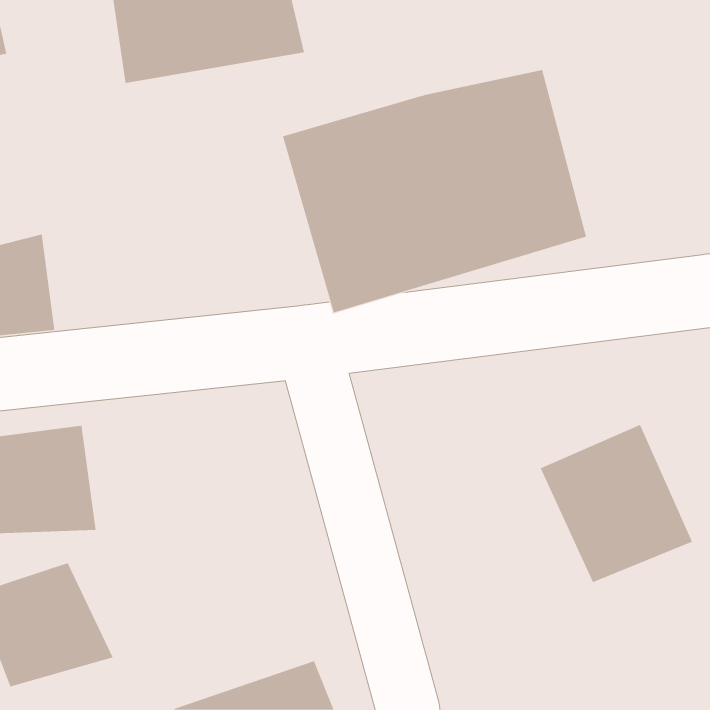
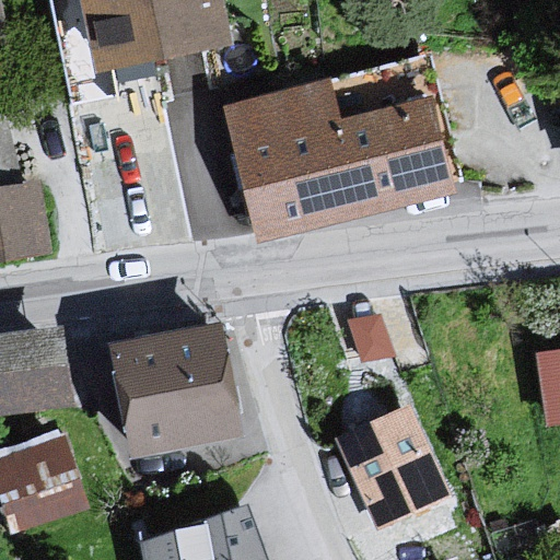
building: [540,424,693,583] -> [327,406,445,528]
building: none -> [112,331,247,462]

